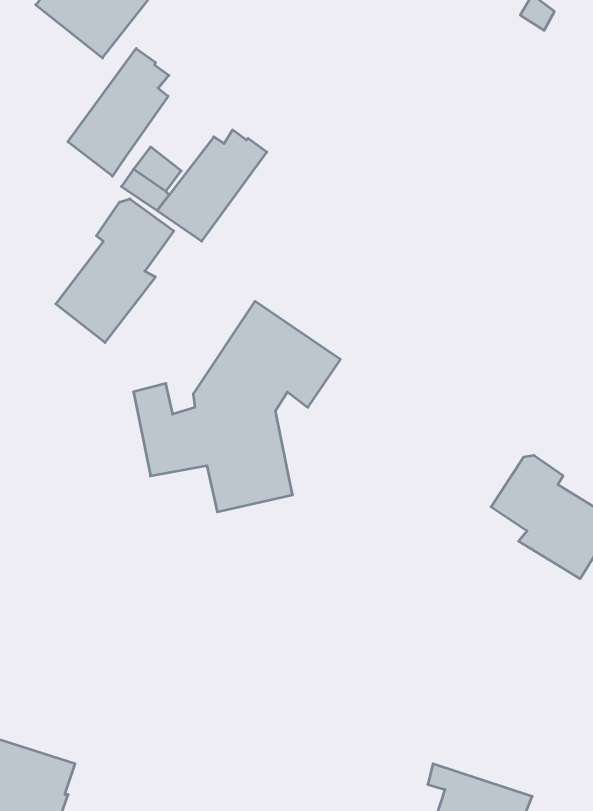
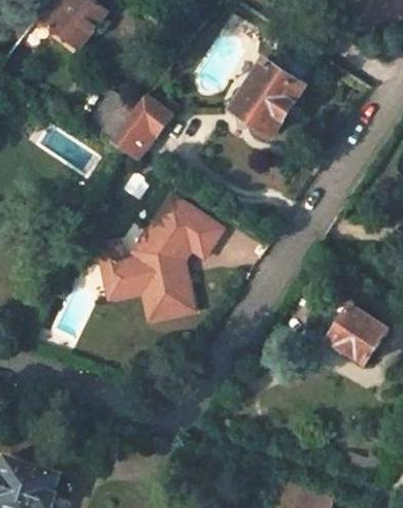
building: [68,48,169,176] -> none
building: none -> [234,63,304,136]
building: [56,199,174,343] -> none

